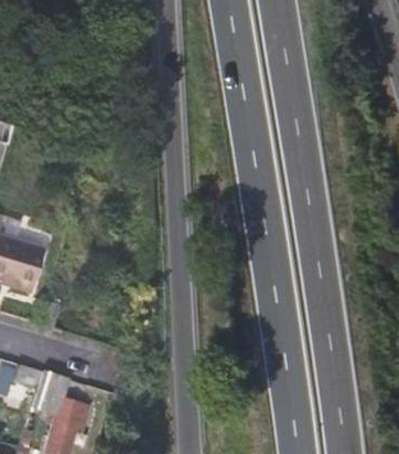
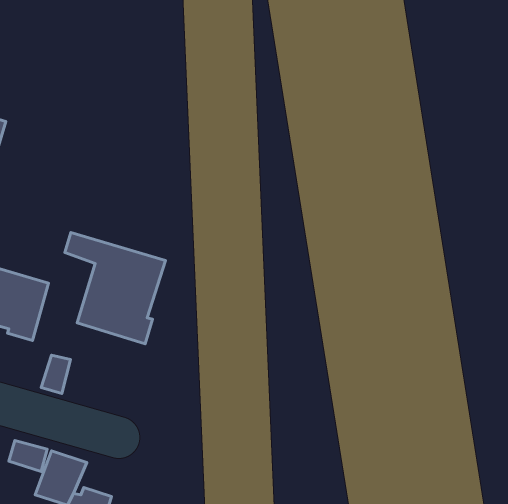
building: none -> [65,232,166,344]

